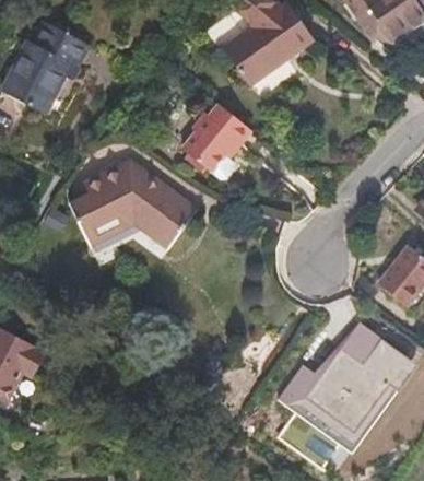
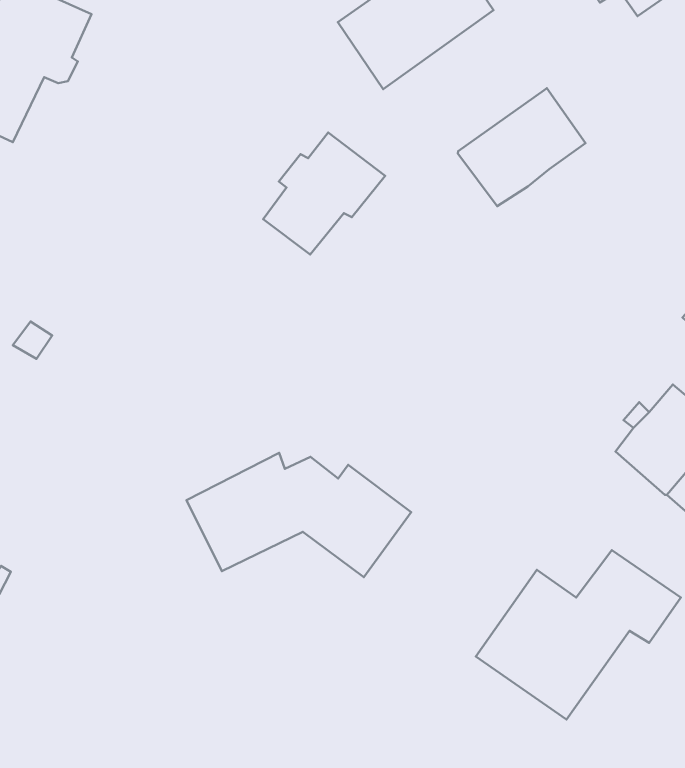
building: none -> [458,88,586,206]
building: [71,178,196,247] -> [186,453,411,577]
building: [282,322,393,451] -> none

